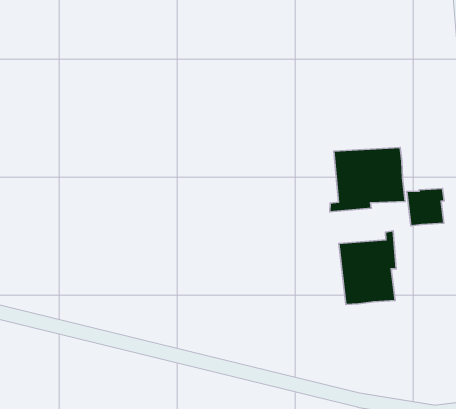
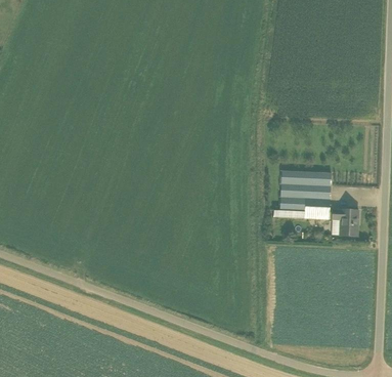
building: [339,231,396,304] -> none

